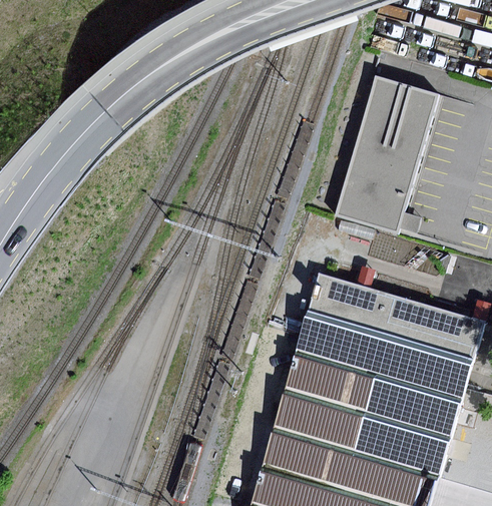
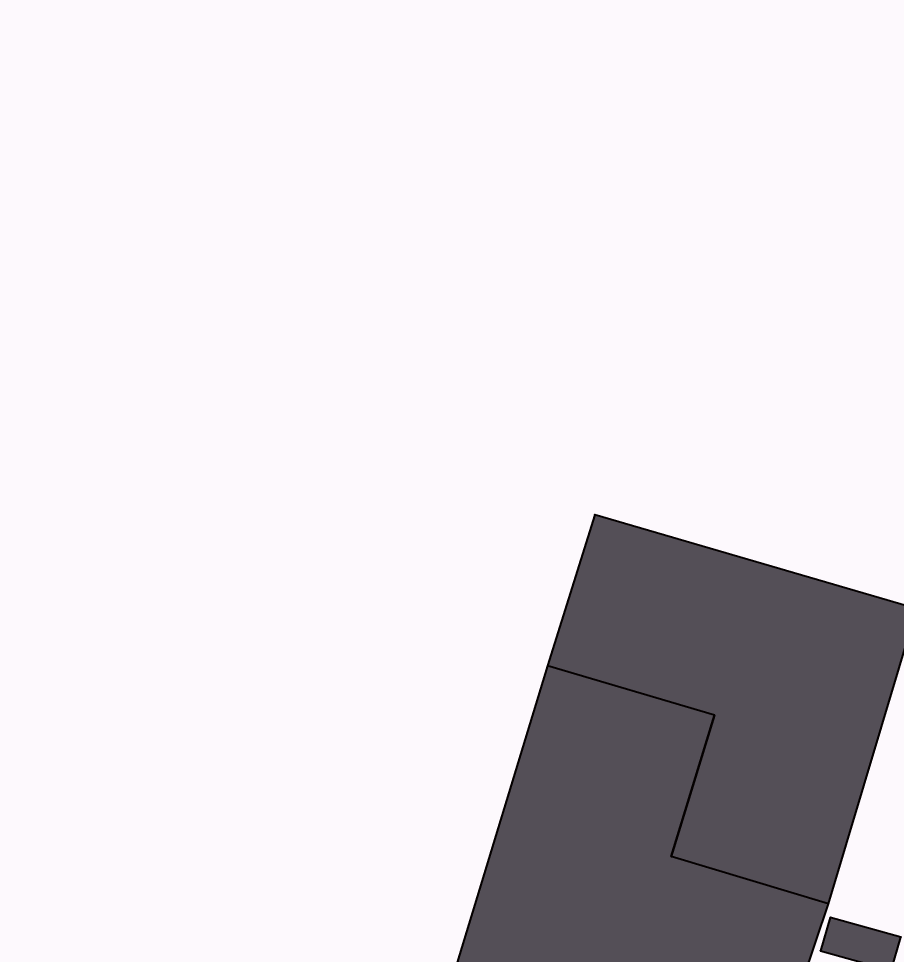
building: [335,79,435,232] -> none

